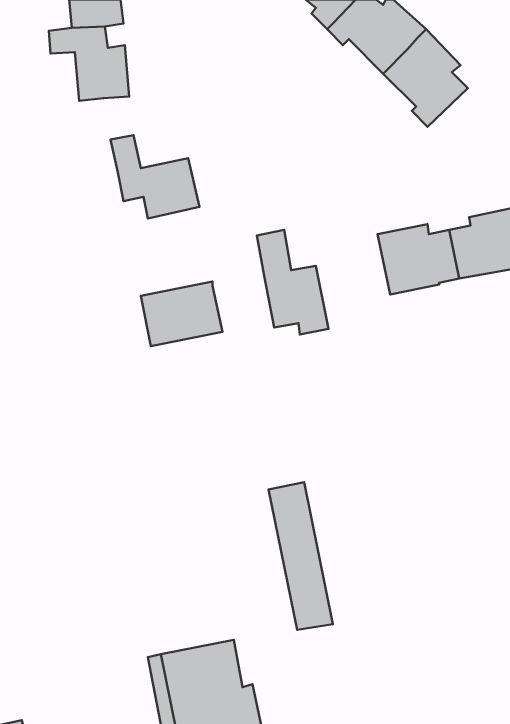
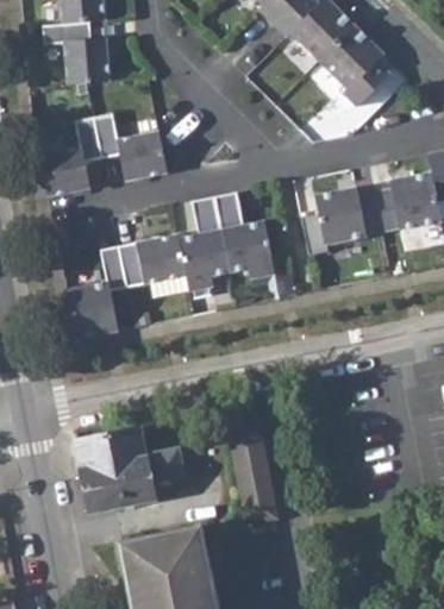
building: none -> [38,117,104,196]
building: none -> [177,196,229,291]
building: none -> [65,246,126,338]
building: none -> [75,428,183,511]

